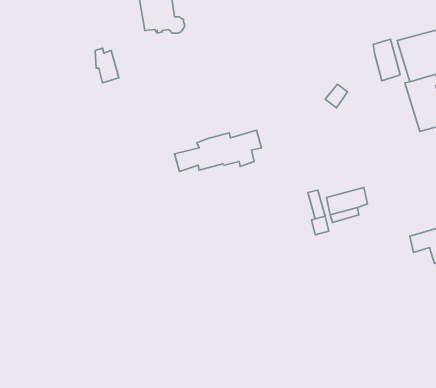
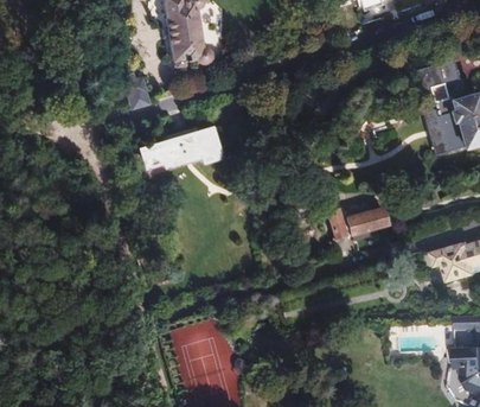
building: [373,39,400,81] -> none
building: [174,130,261,171] -> [143,127,226,166]

